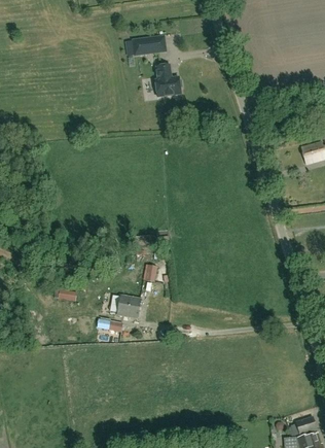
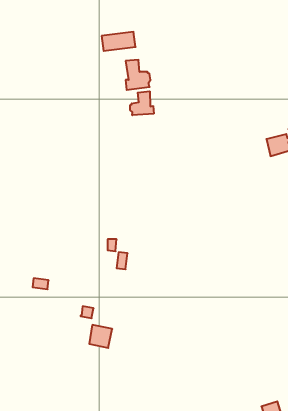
building: none -> [130,91,154,115]
building: [116,295,140,318] -> [89,325,112,348]

